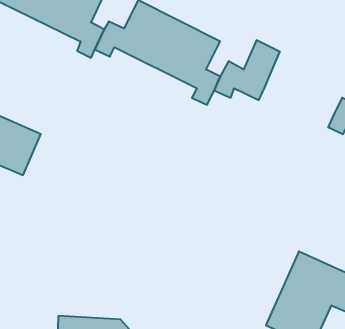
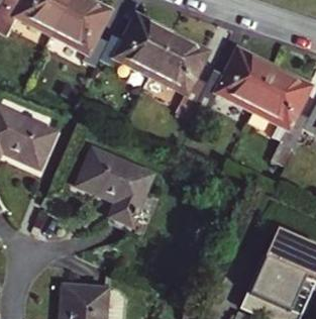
building: none -> [241,62,306,139]
building: none -> [77,148,150,223]

